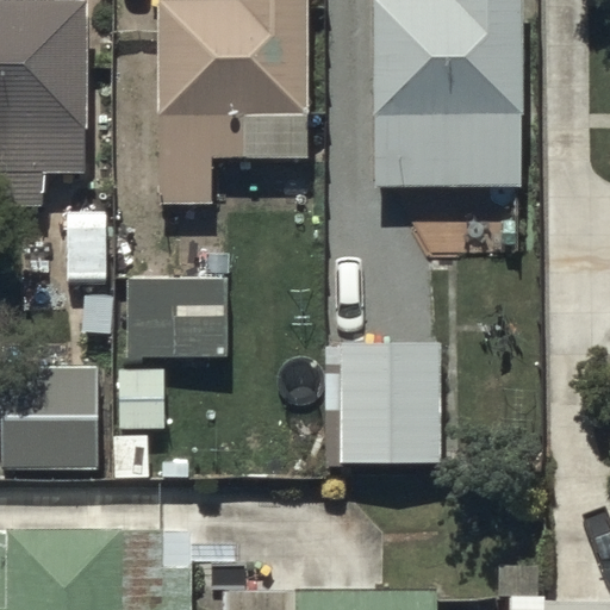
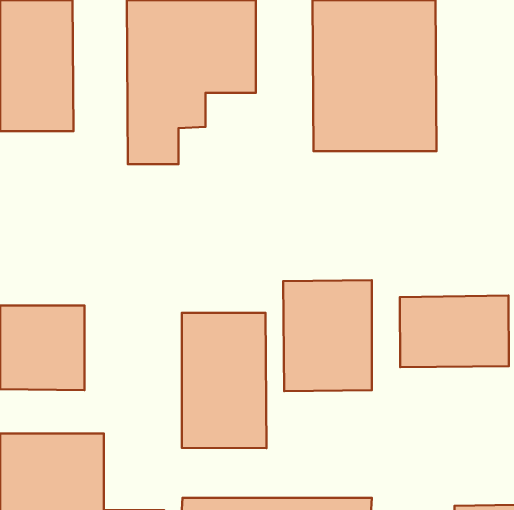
building: [123,278,231,365] -> none
building: none -> [400,296,509,367]
building: none -> [182,313,266,448]

